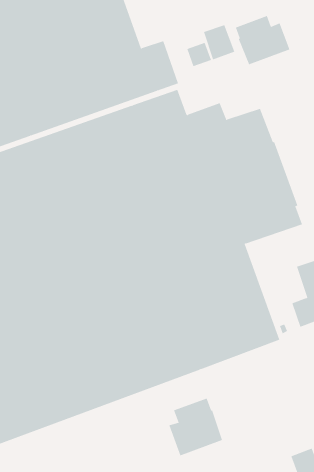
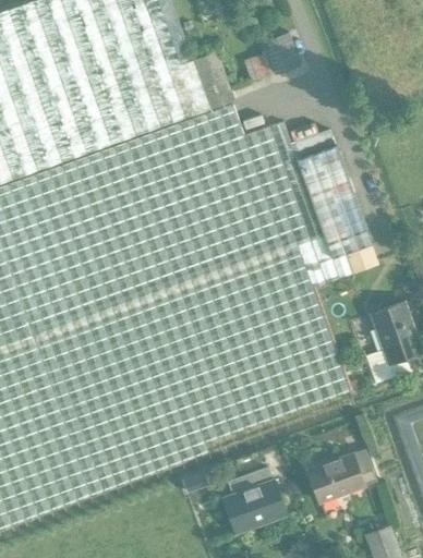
building: [235,15,290,65] -> none
building: none -> [306,448,376,501]

